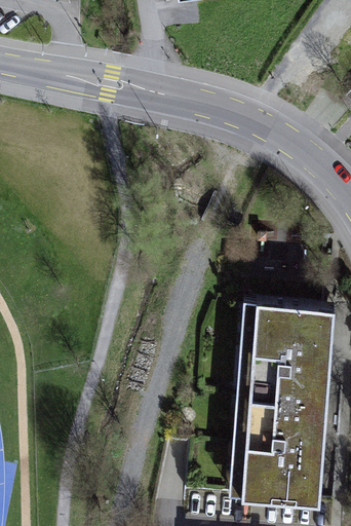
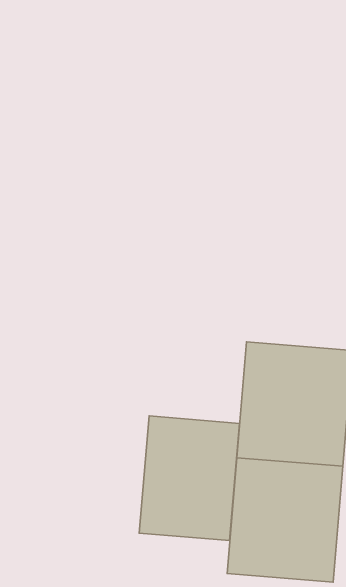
building: none -> [139,416,240,541]

